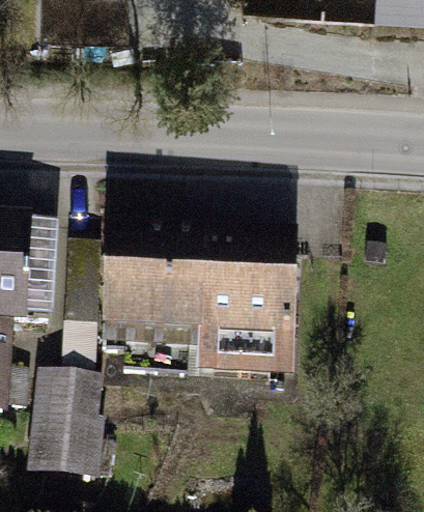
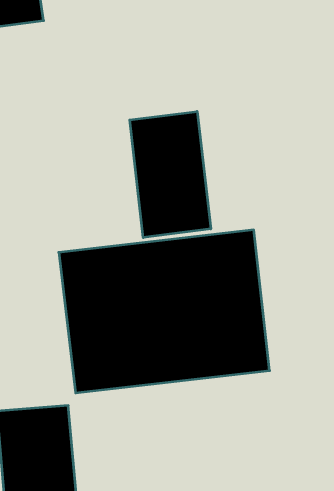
building: none -> [130,111,211,238]

